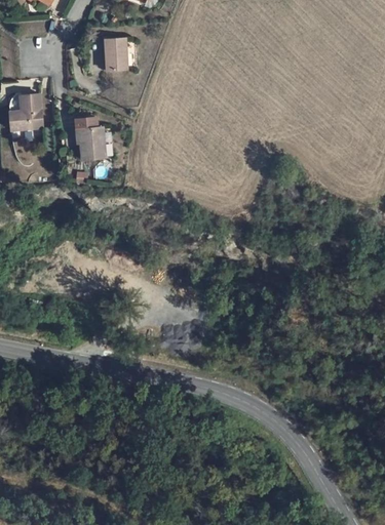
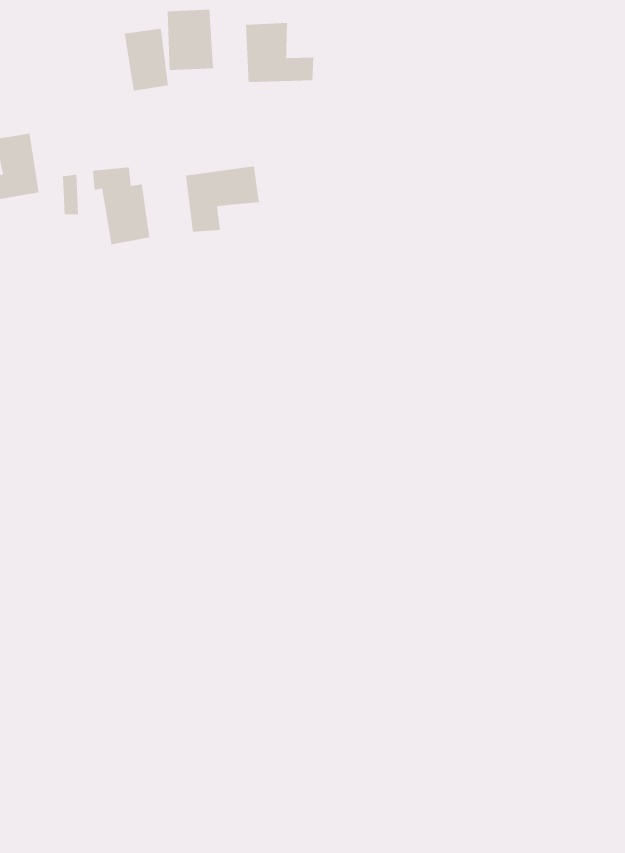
building: none -> [245,22,314,83]
building: none -> [185,166,260,233]

